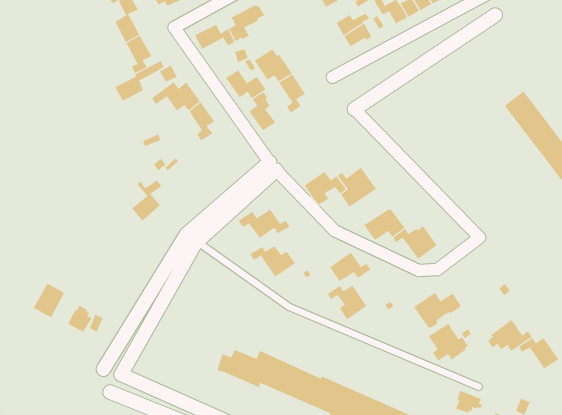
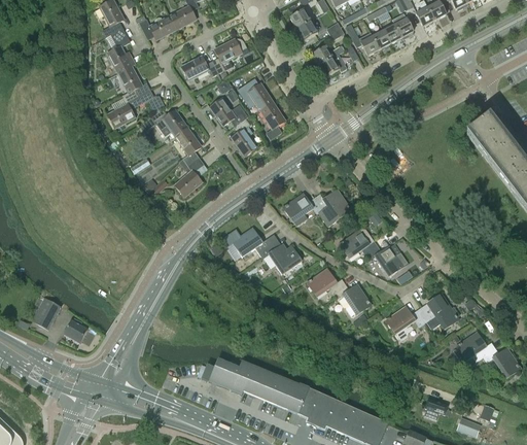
building: [131,180,162,222] -> [174,158,203,197]
building: [249,245,296,277] -> [258,243,302,273]
building: [327,285,367,319] -> [333,284,371,316]
building: [428,323,469,362] -> [422,294,460,330]

